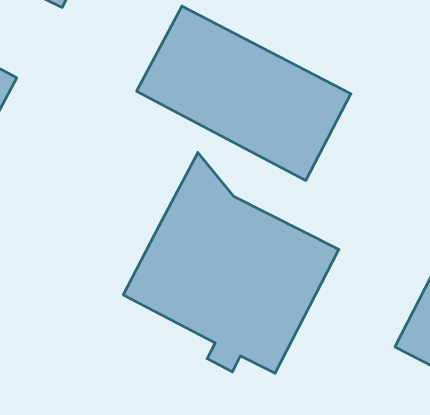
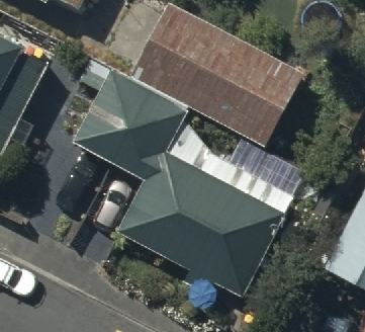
building: none -> [79,74,186,176]

